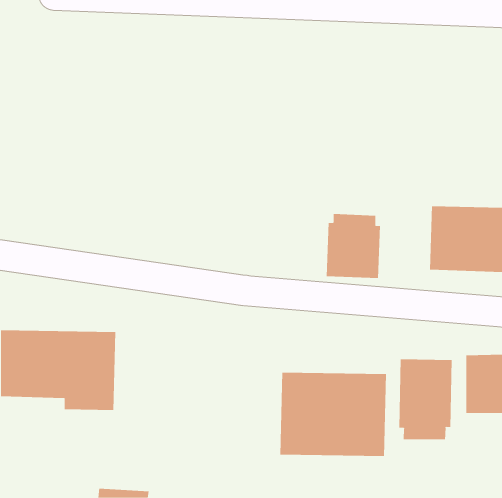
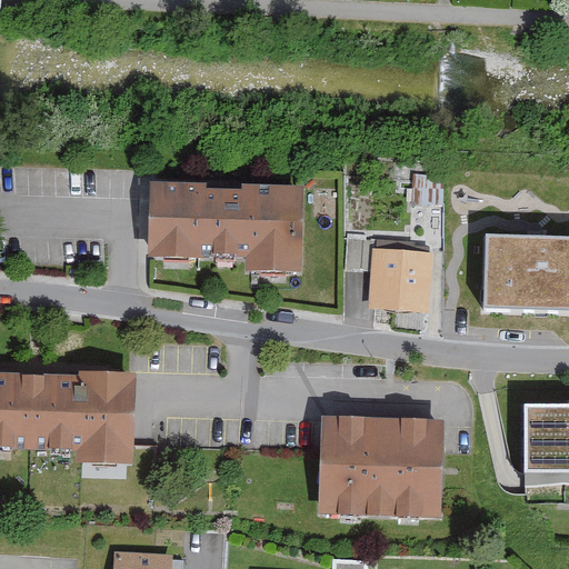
building: none -> [159,187,298,266]
building: [399,358,452,440] -> none

